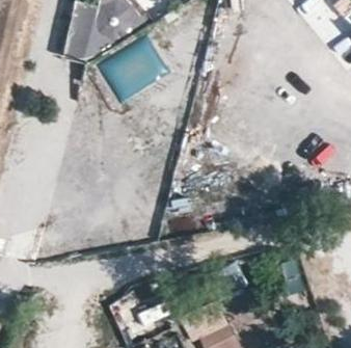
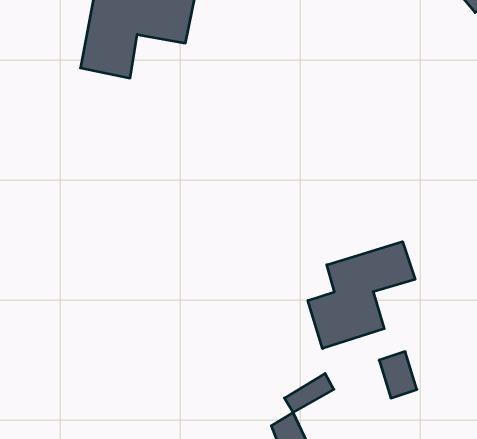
building: none -> [308,242,415,349]

